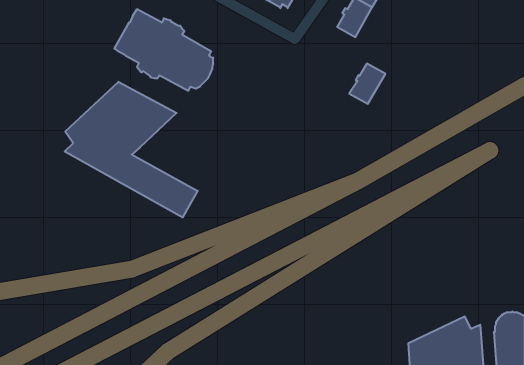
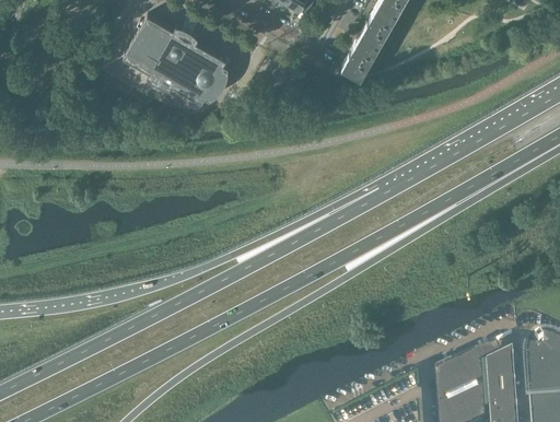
building: [349,64,385,104] -> [341,37,380,80]
building: [65,82,198,217] -> none

